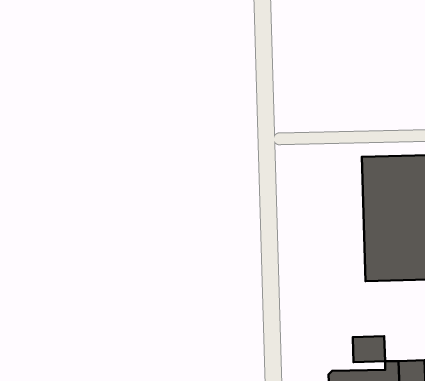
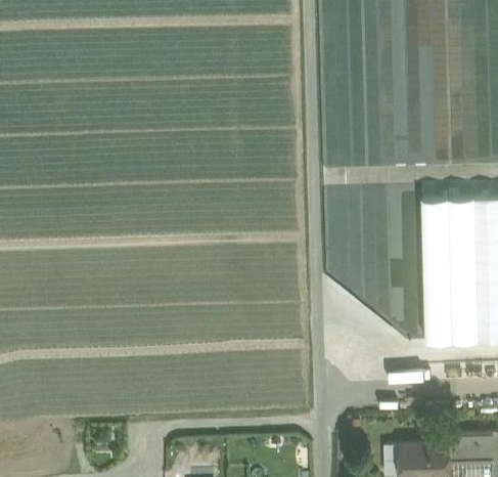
building: [353,336,385,362] -> none

